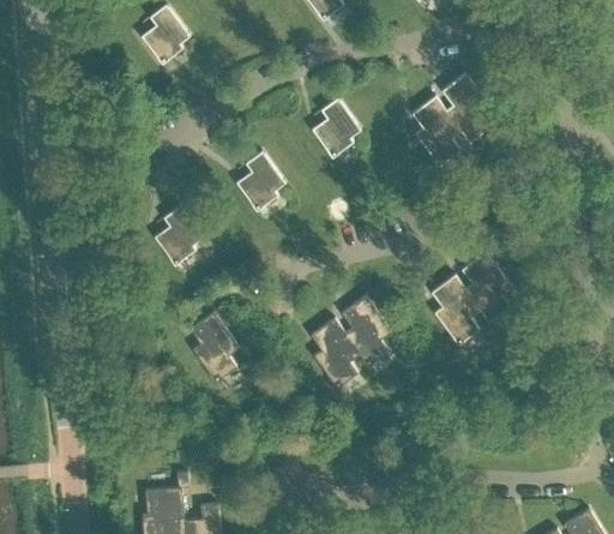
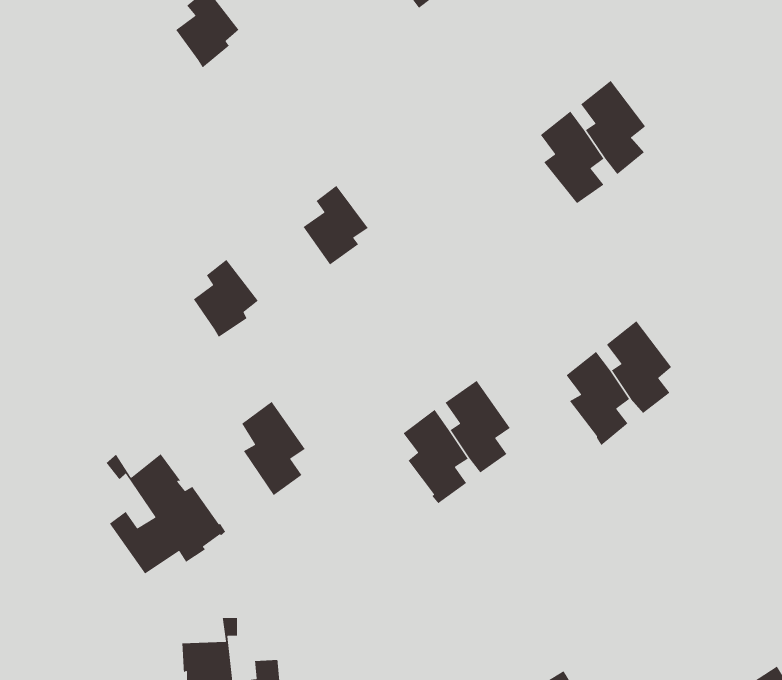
building: [312,97,361,157] -> none
building: none -> [105,453,226,575]

